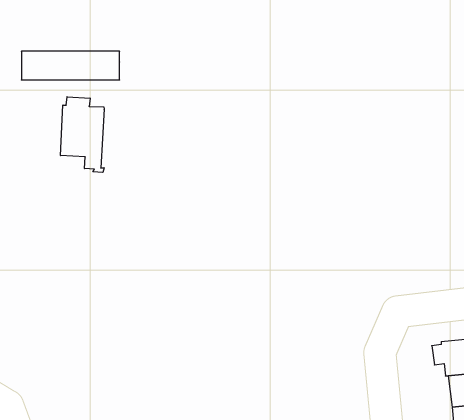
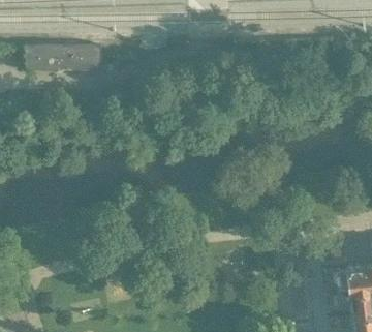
building: [61,97,104,172] -> none

